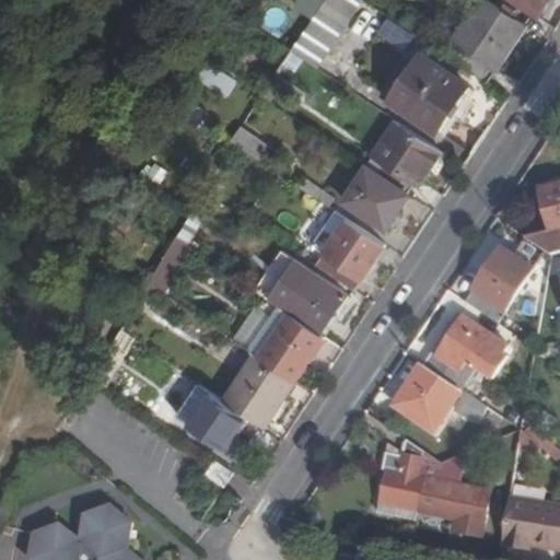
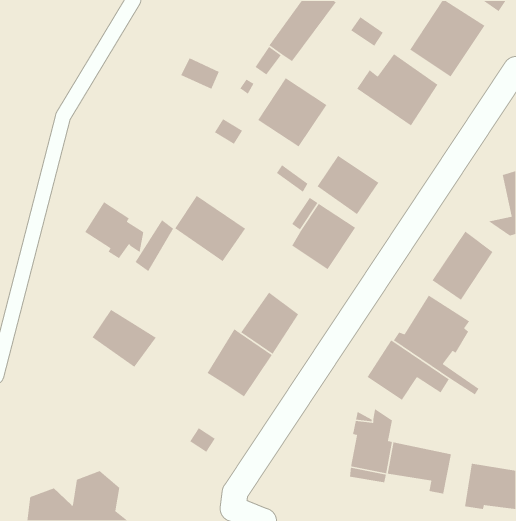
building: [363,120,439,196] -> [257,77,327,148]
building: none -> [84,201,144,259]
building: [267,258,345,330] -> [174,195,246,262]
building: [175,384,245,447] -> [92,309,157,368]

